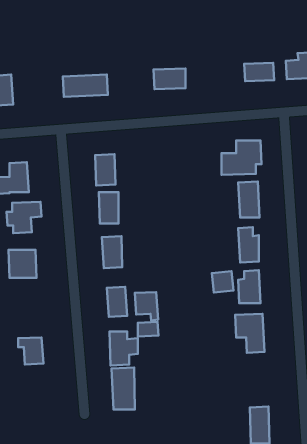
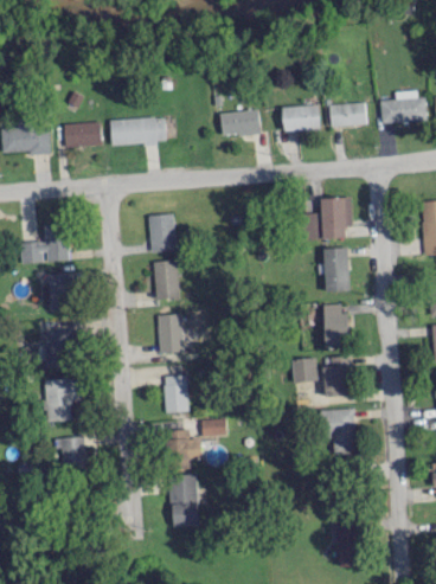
building: none -> [283,105,320,130]
building: none -> [64,122,102,147]
building: none -> [45,378,83,422]
building: [135,292,158,321] -> none

